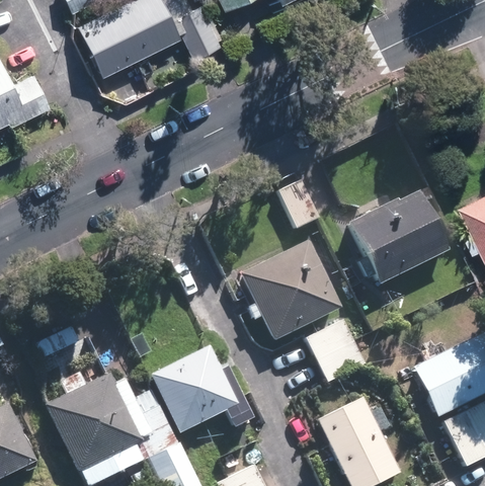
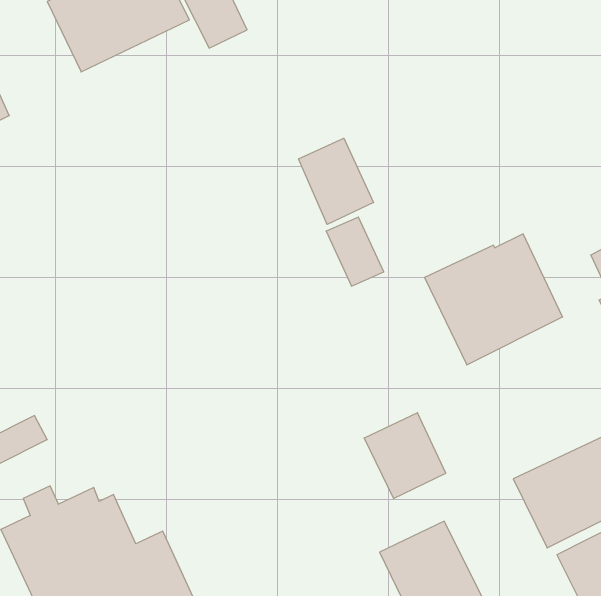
building: none -> [299,138,373,224]
building: [240,241,341,341] -> none
building: [150,347,252,433] -> none

